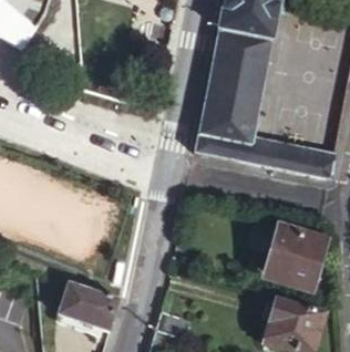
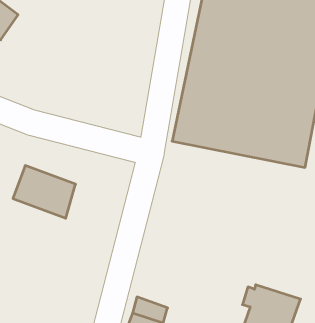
building: [259,225,329,297] -> none
building: [55,277,119,330] -> [13,166,76,218]

